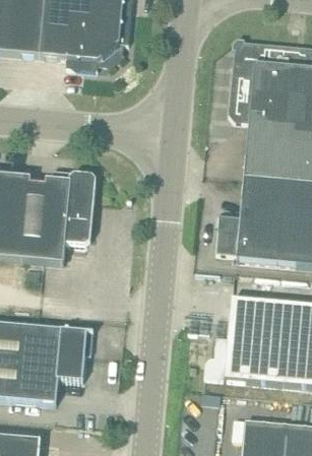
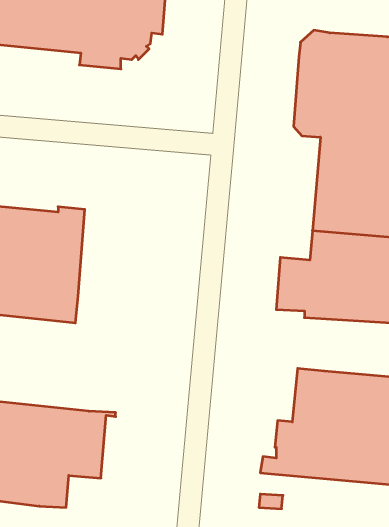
building: [65,172,96,244] -> none

